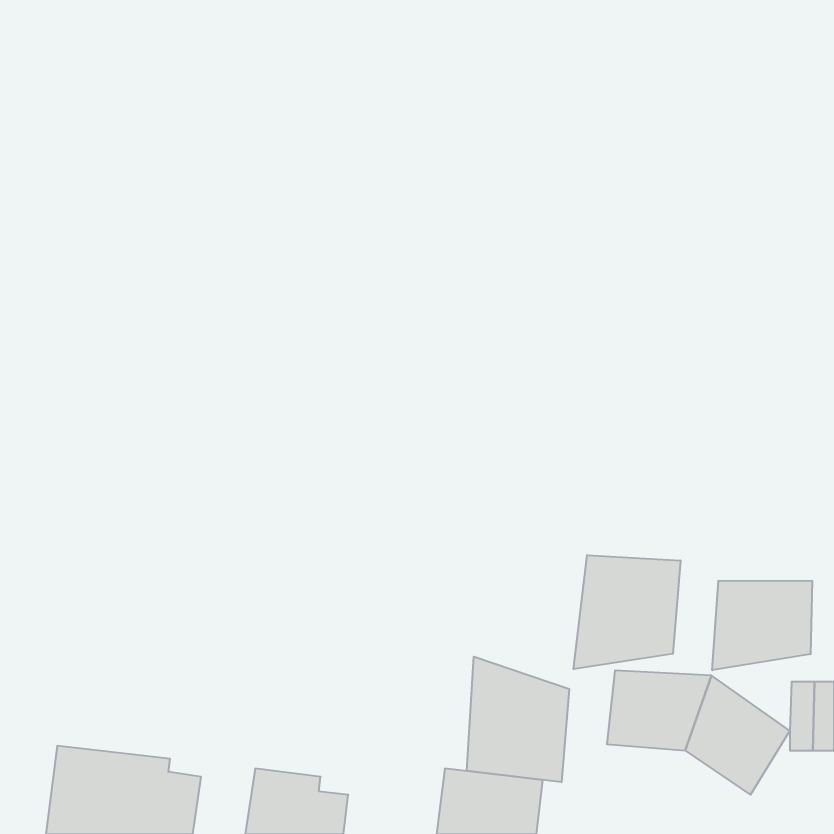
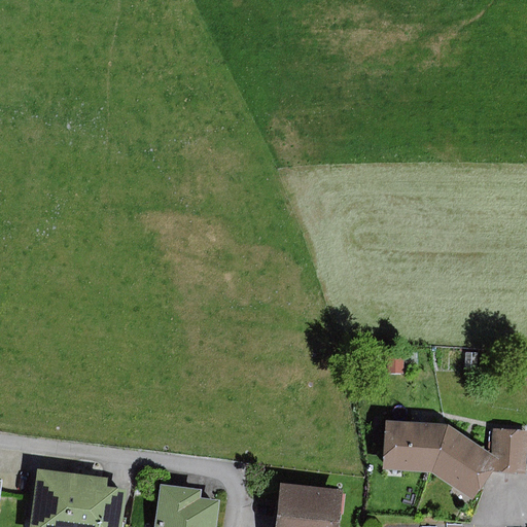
building: [574,555,681,669] -> none
building: [712,581,812,670] -> none
building: [467,657,569,782] -> none

